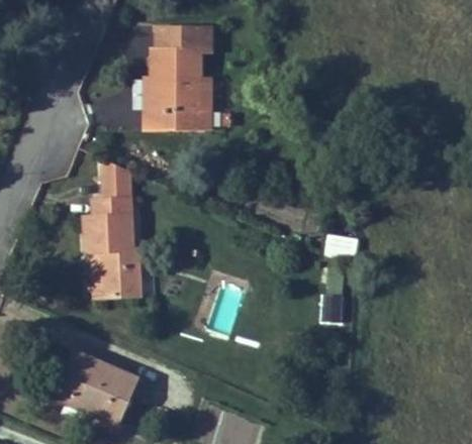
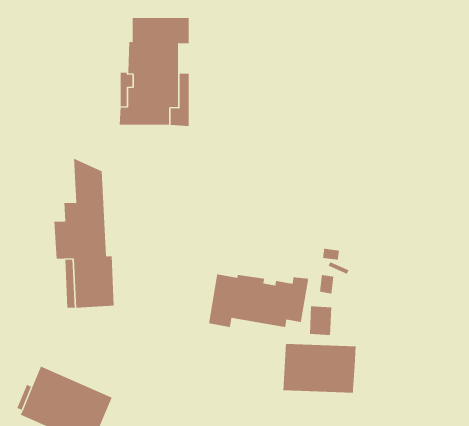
building: none -> [209,273,309,328]
building: none -> [283,343,356,394]

